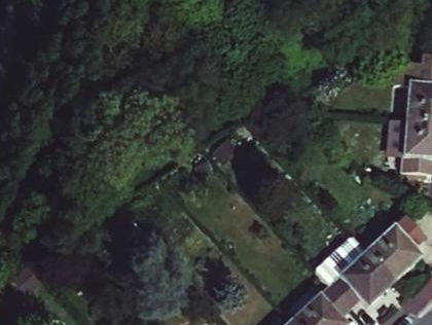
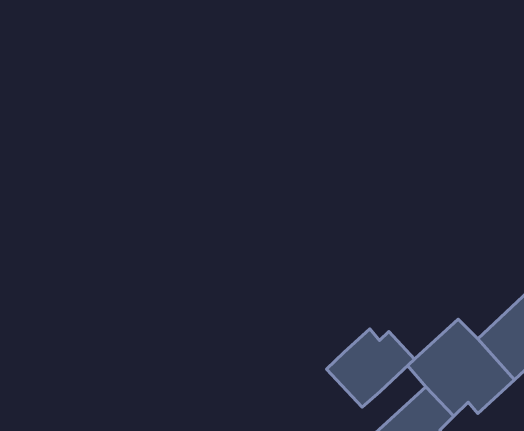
building: none -> [327,329,414,407]

